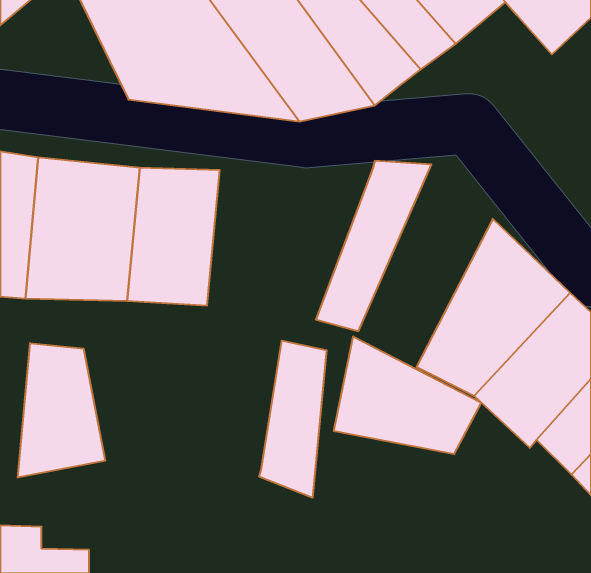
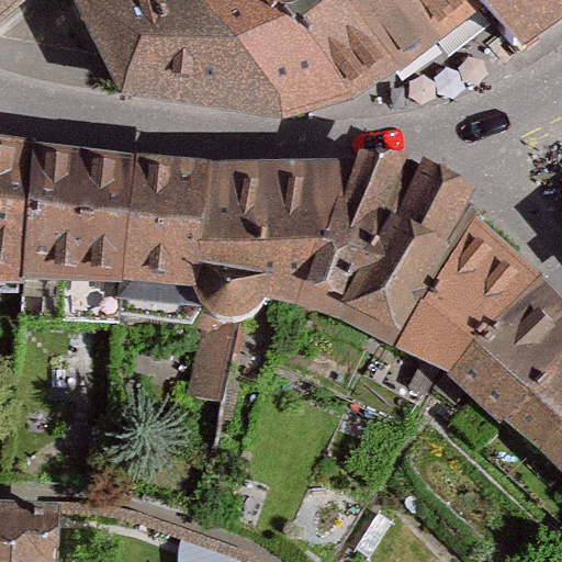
building: none -> [340,156,477,348]
building: none -> [196,160,353,324]
building: [334,336,481,454] -> none
building: [259,341,326,498] -> none
building: [18,343,105,478] -> none

